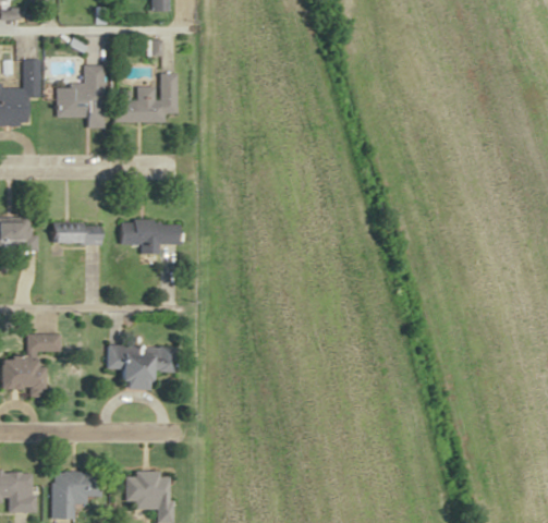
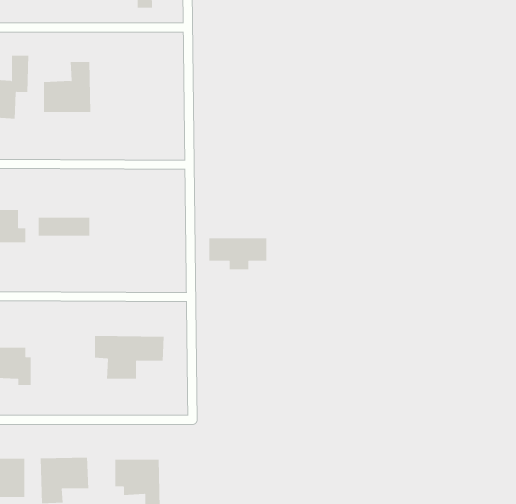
building: [113,73,178,122] -> none
building: [119,221,179,254] -> [209,238,267,270]
building: [27,335,62,352] -> none

